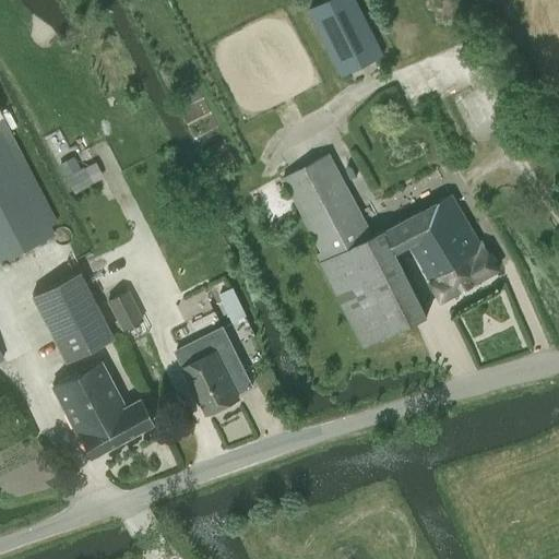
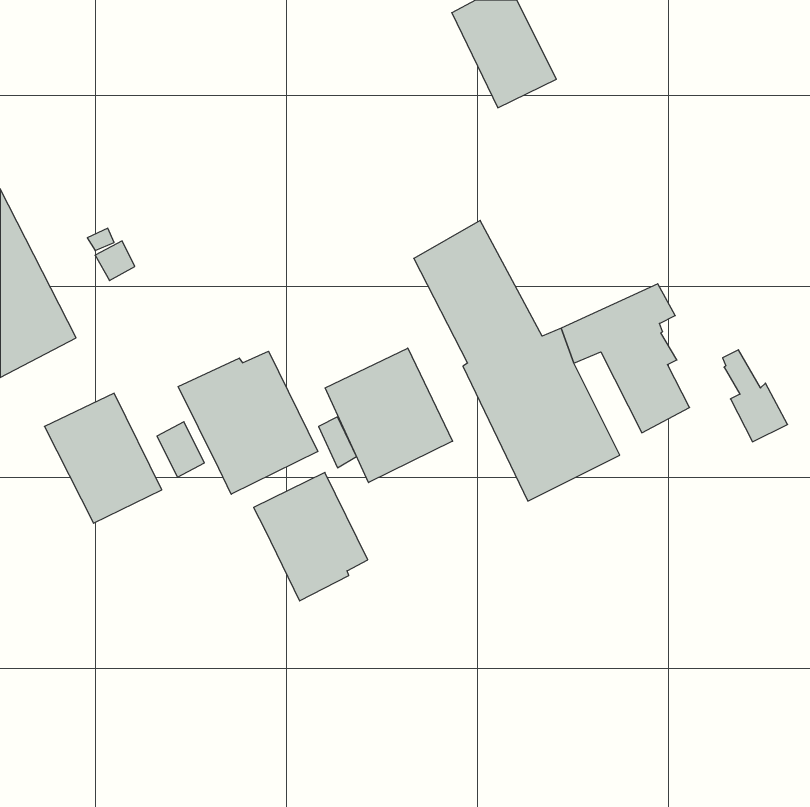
building: [454,219,499,283] -> [723,350,788,442]
building: none -> [325,348,453,483]
building: none -> [178,351,318,494]
building: [52,360,153,455] -> none

